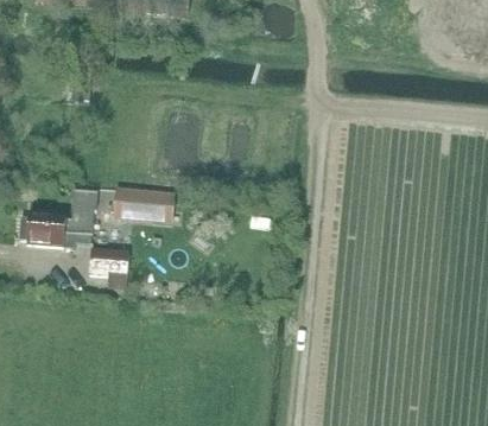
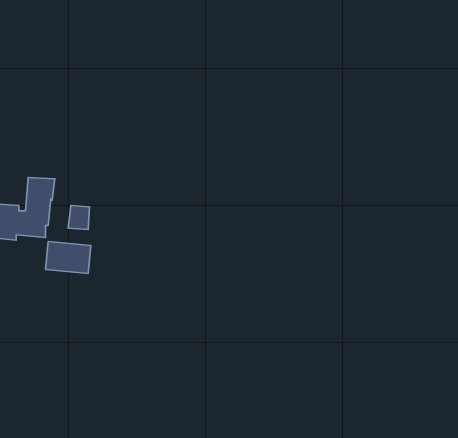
building: [114,185,154,212] -> none

